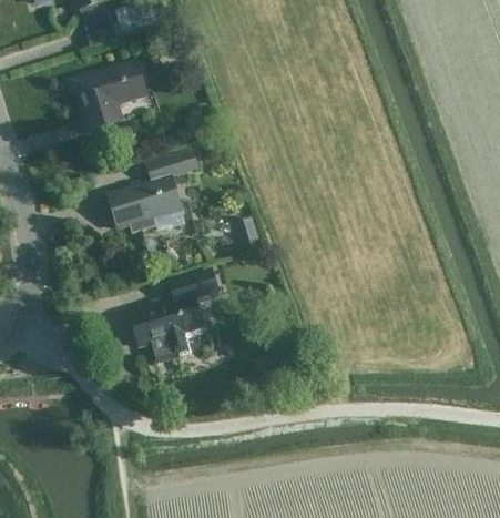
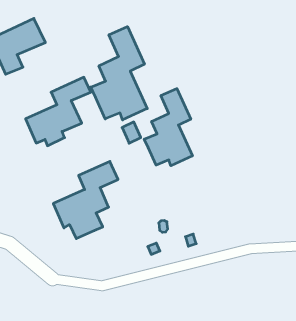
building: none -> [91,27,147,120]
building: none -> [144,89,192,166]

